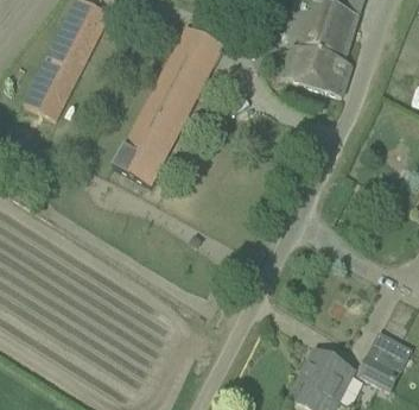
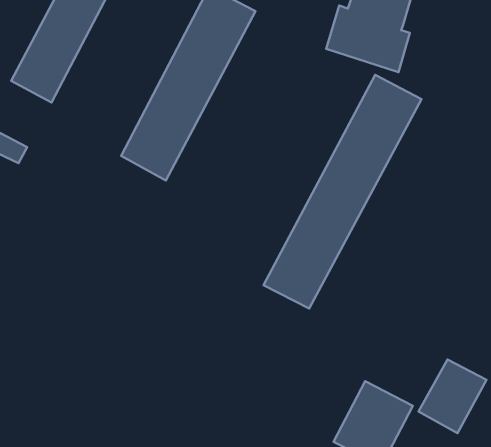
building: none -> [264,75,421,308]

